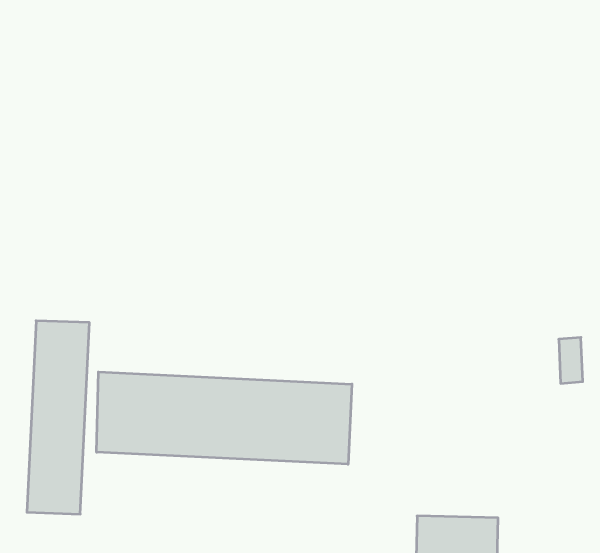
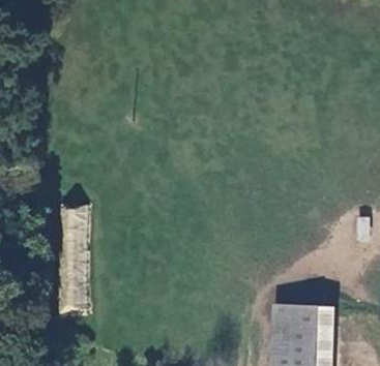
building: [97,372,352,464] -> none

